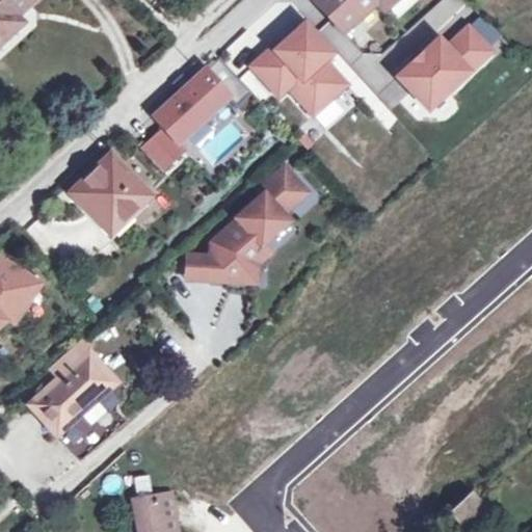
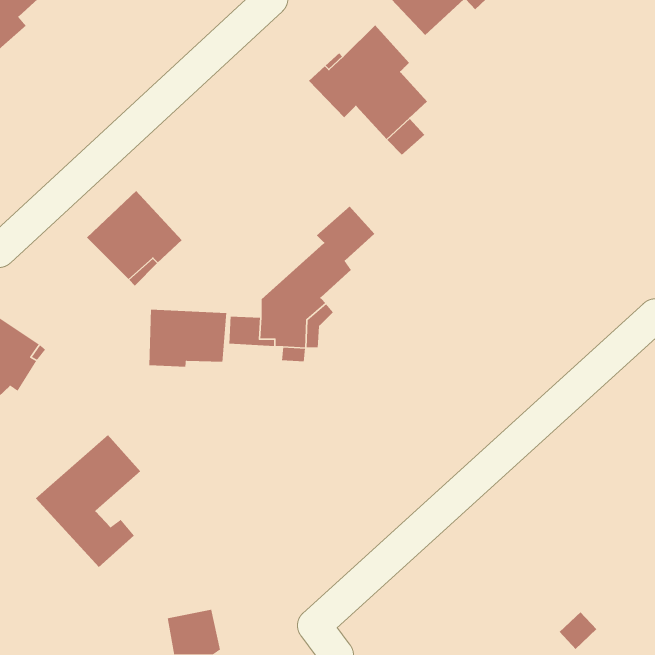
building: [398,25,490,107] -> none
building: [141,56,252,172] -> none
building: none -> [149,309,227,368]

